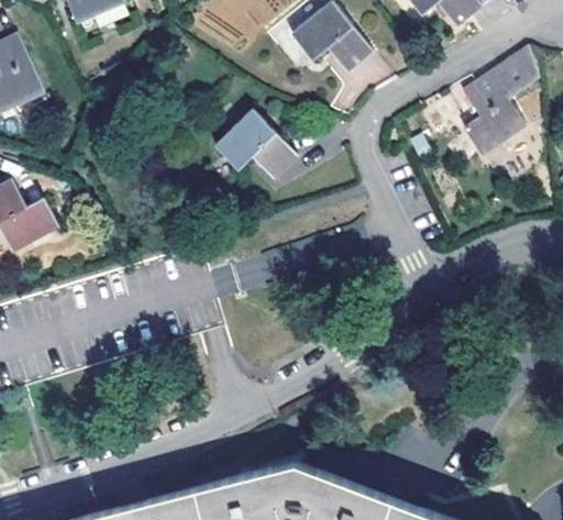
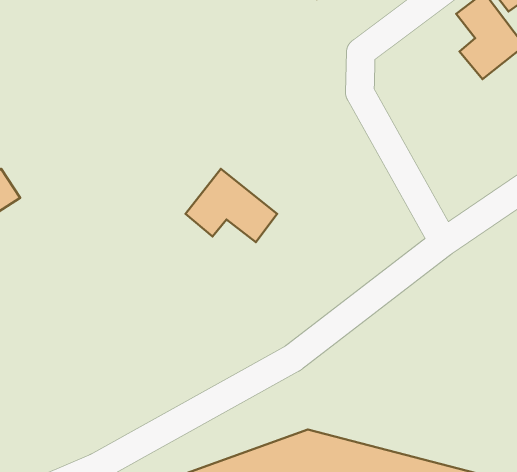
building: [209,104,294,175] -> [186,169,277,242]

